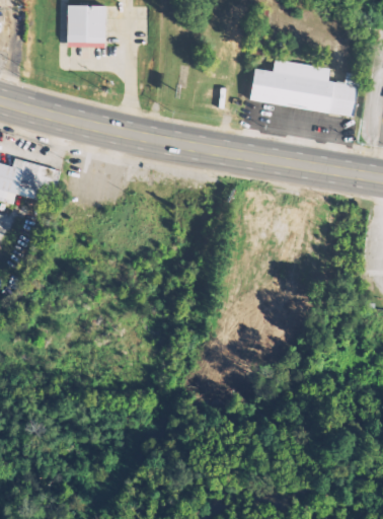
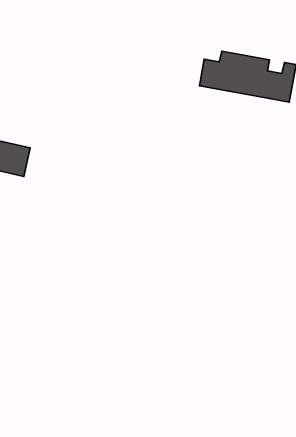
building: [66,6,104,49] -> none

